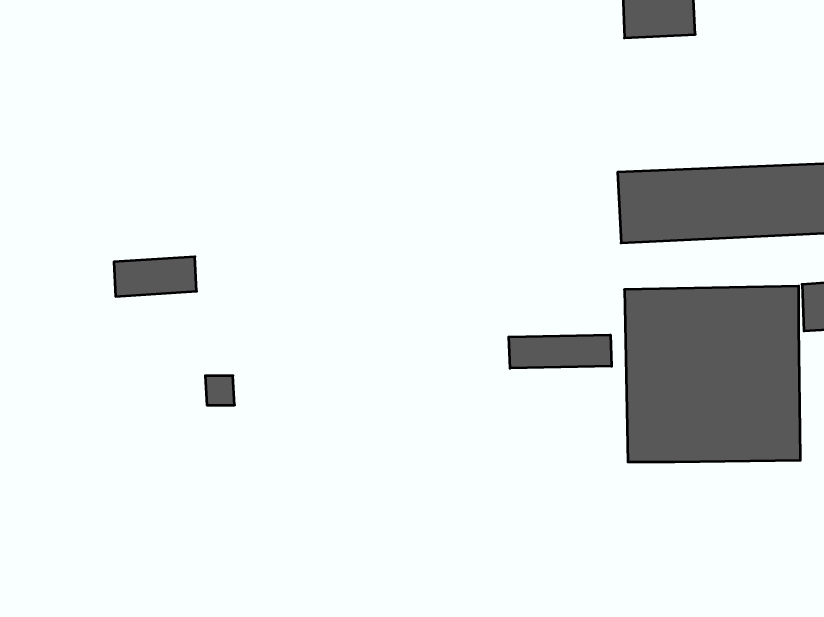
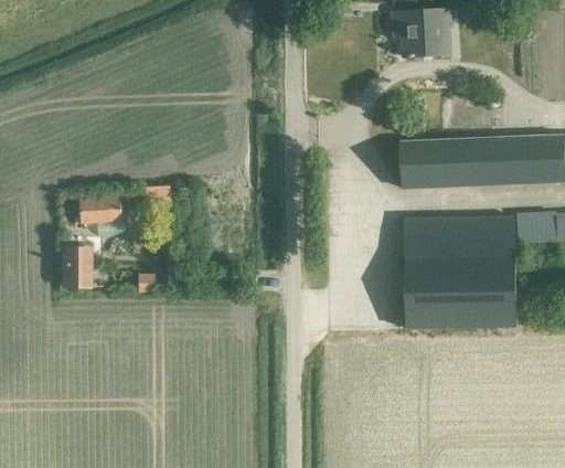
building: none -> [63,246,89,286]
building: [509,335,612,368] -> none

